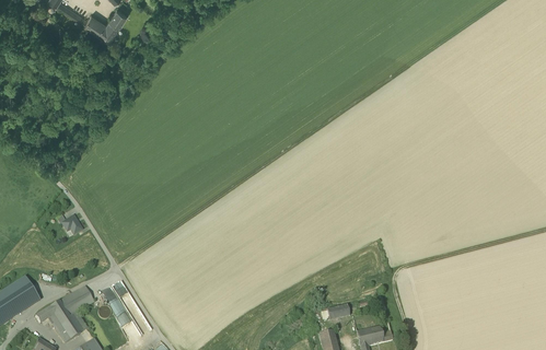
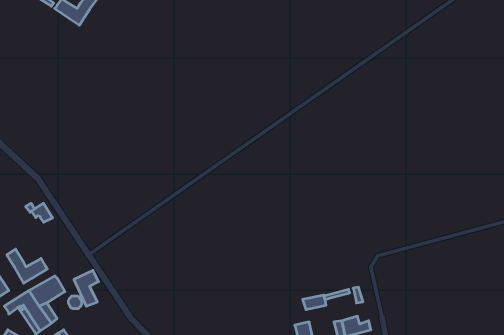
building: none -> [7,249,47,283]

